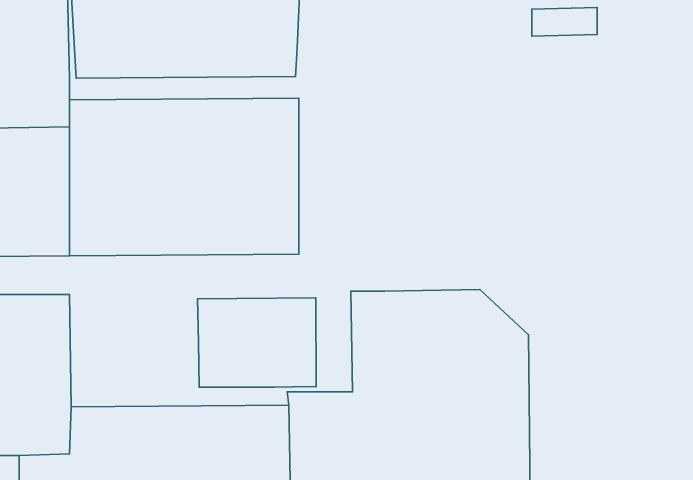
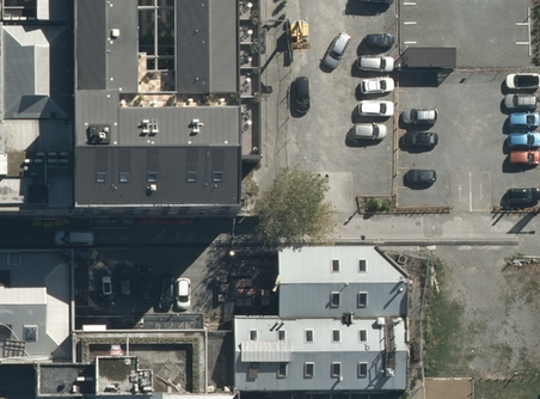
building: [197,298,316,387] -> none

